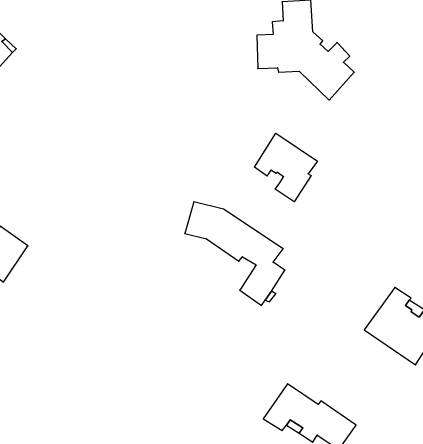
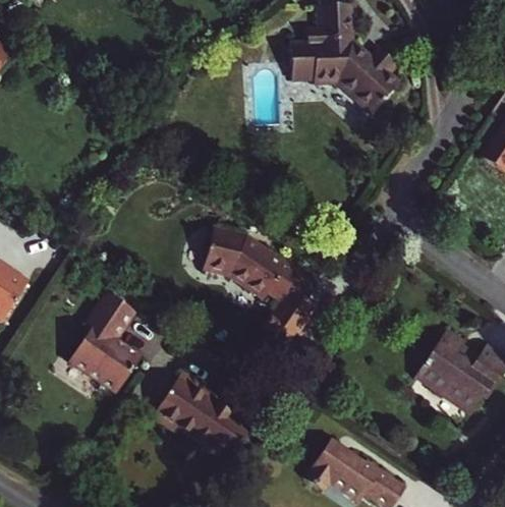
building: [254,133,317,202] -> none
building: none -> [66,291,138,398]
building: none -> [149,371,251,464]

